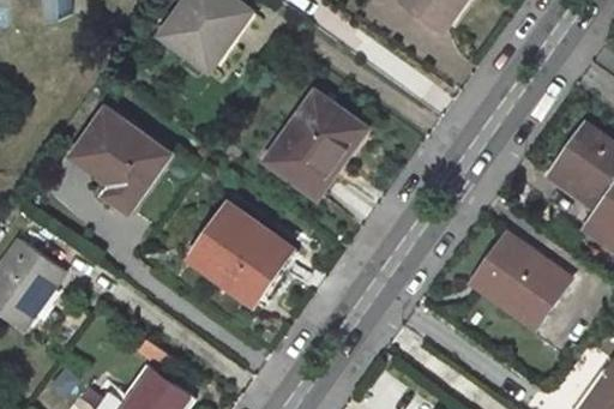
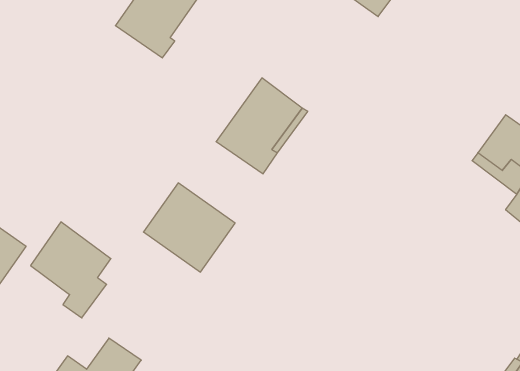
building: [76,103,162,206] -> [31,222,111,318]
building: [468,240,565,332] -> none

